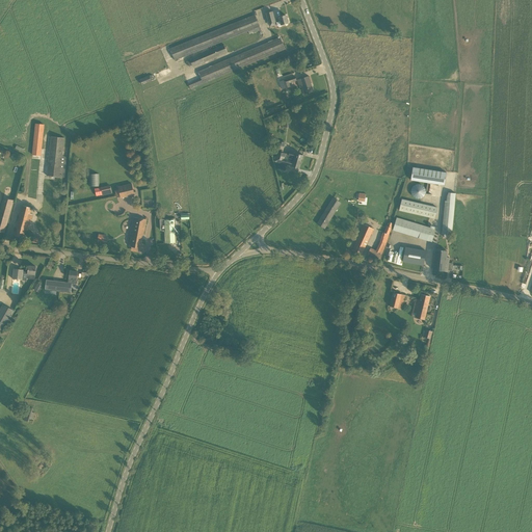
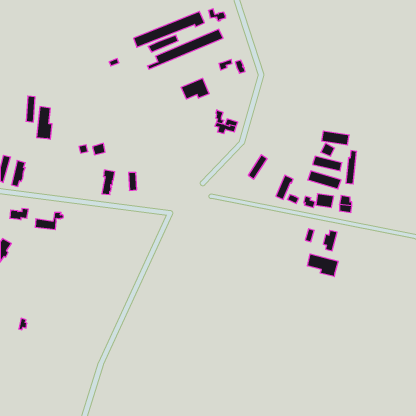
building: none -> [181,78,209,99]
building: none -> [307,254,338,277]

